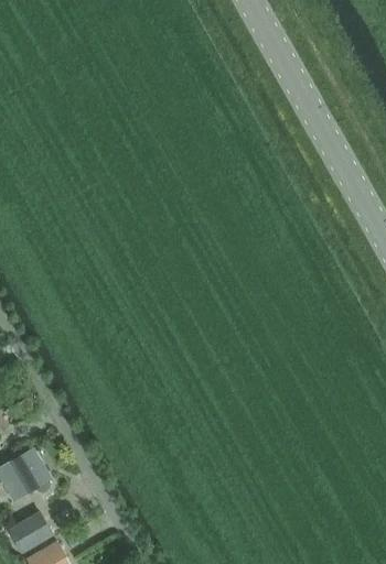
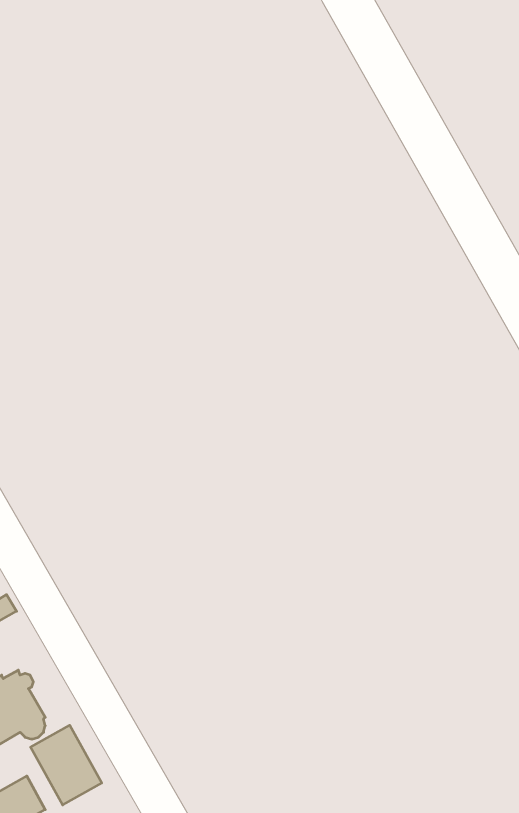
building: none -> [31,725,102,805]

